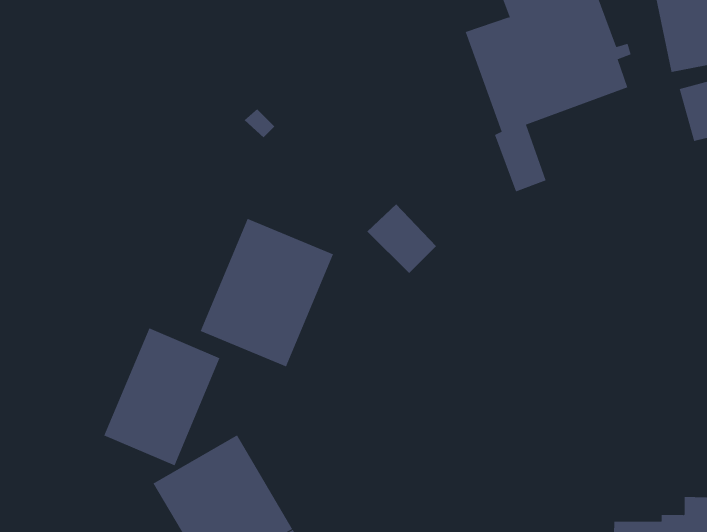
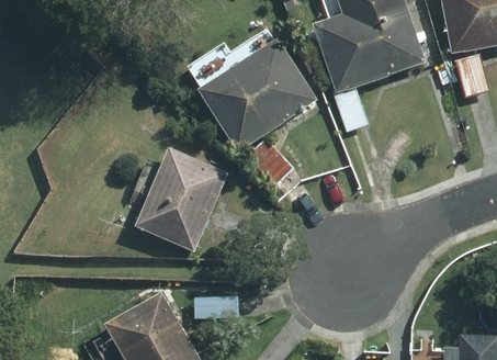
building: none -> [197,40,314,149]
building: [104,328,220,466] -> none

